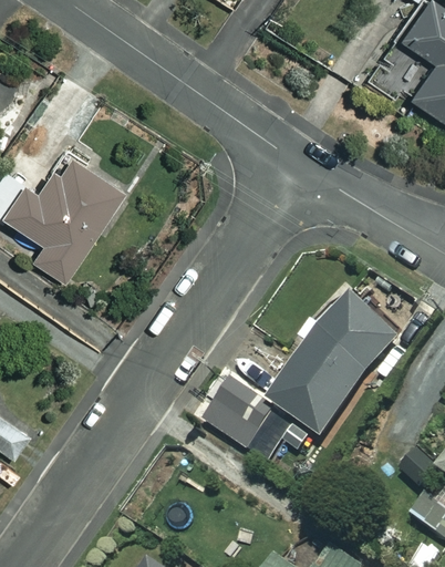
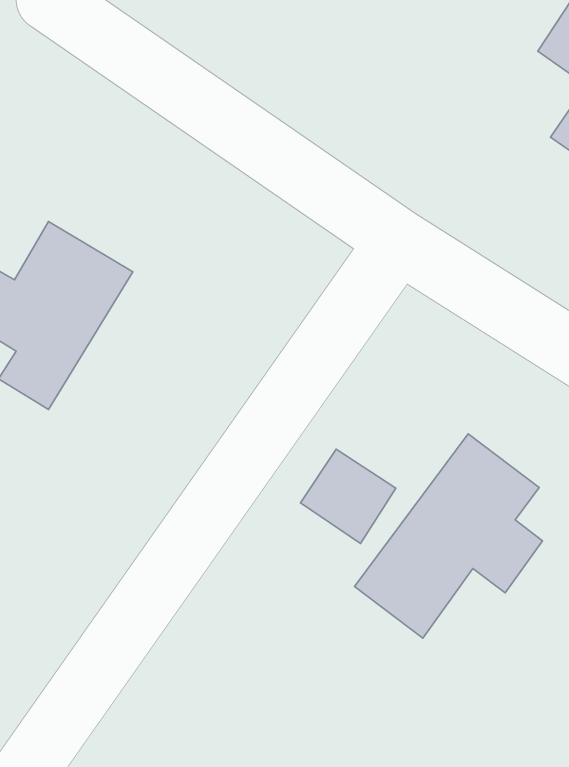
building: [201,393,267,457] -> [300,449,396,543]

